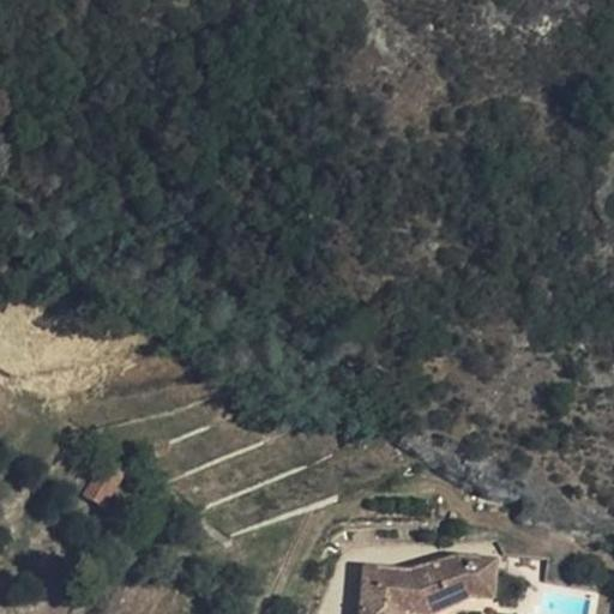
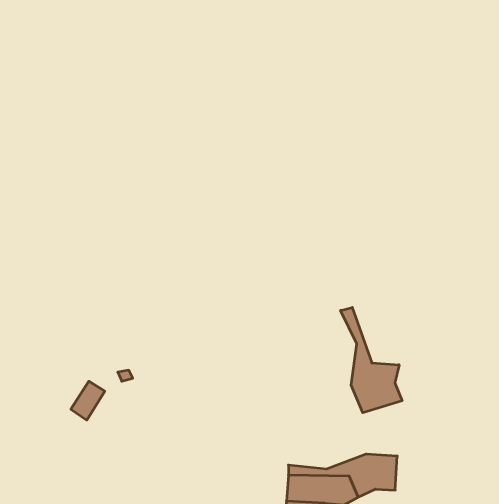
building: none -> [341,307,402,413]

